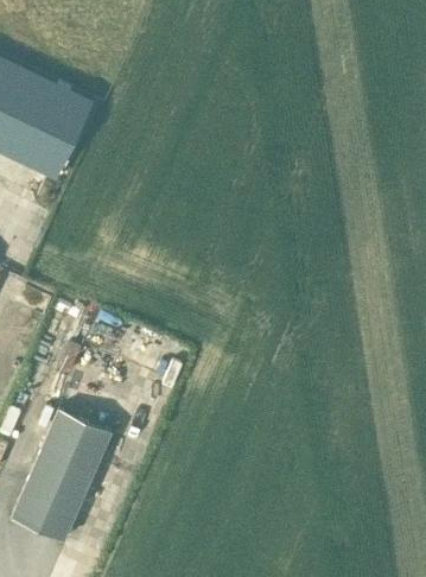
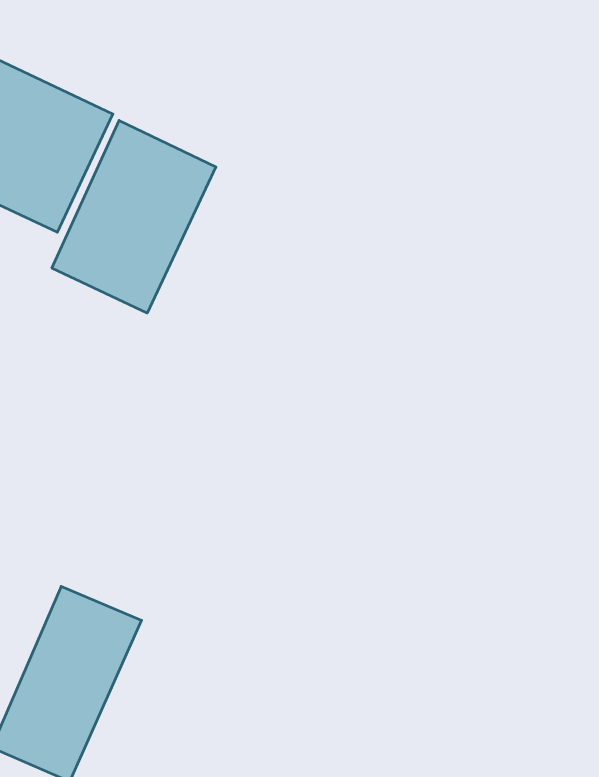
building: none -> [52,120,216,313]

